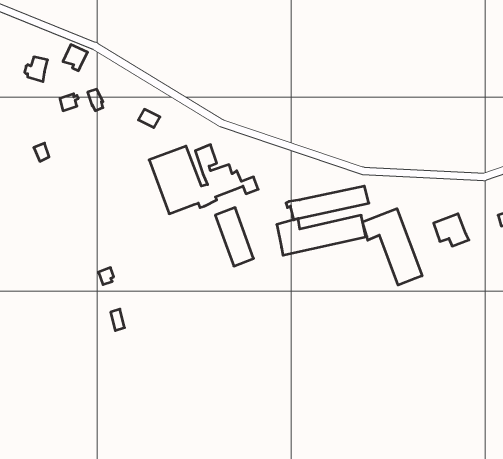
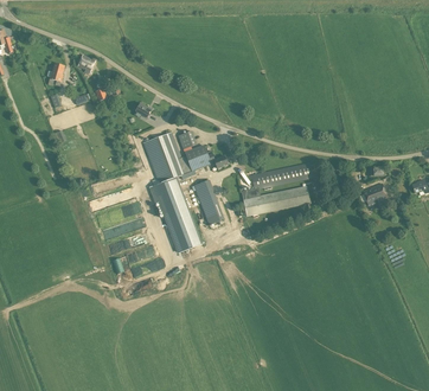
building: none -> [148,177,201,252]
building: [363,209,422,285] -> none

